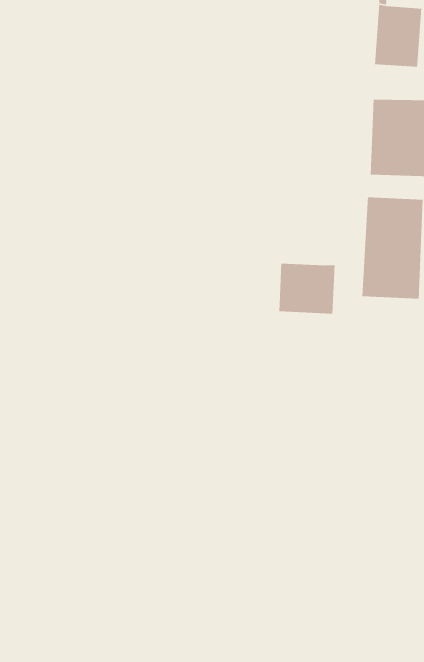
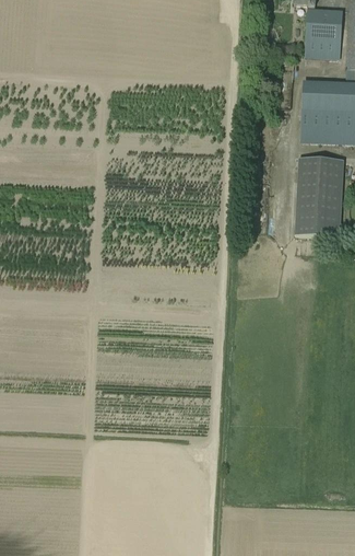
building: [278,263,335,315] -> none

